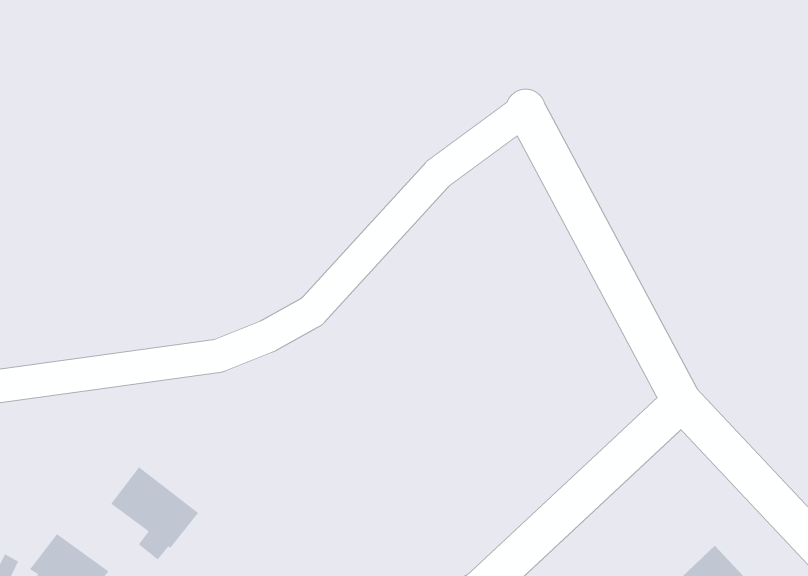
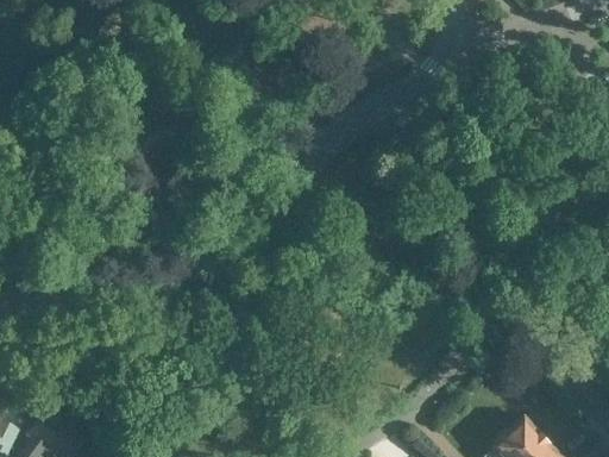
building: [110,466,199,561] -> none

